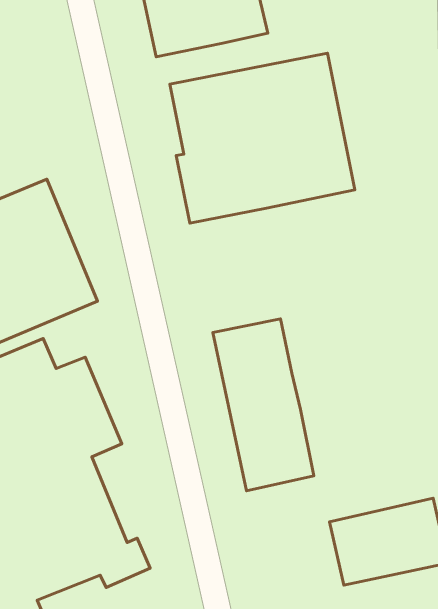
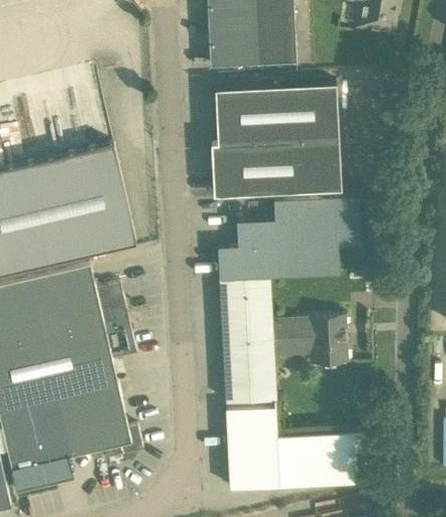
building: none -> [217,197,361,281]
building: none -> [272,315,351,366]
building: none -> [225,408,286,490]

